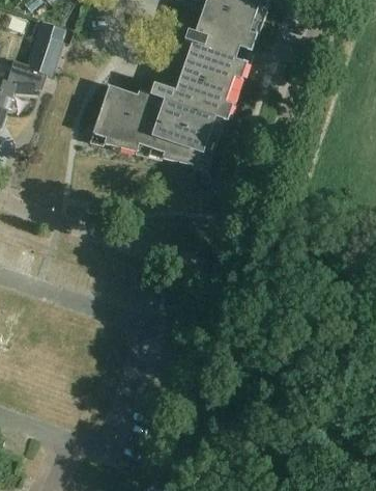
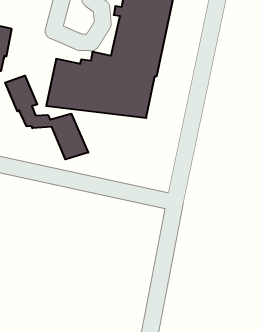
building: none -> [5,76,88,159]

